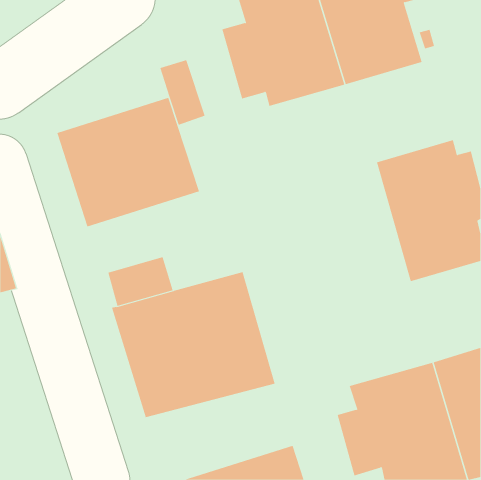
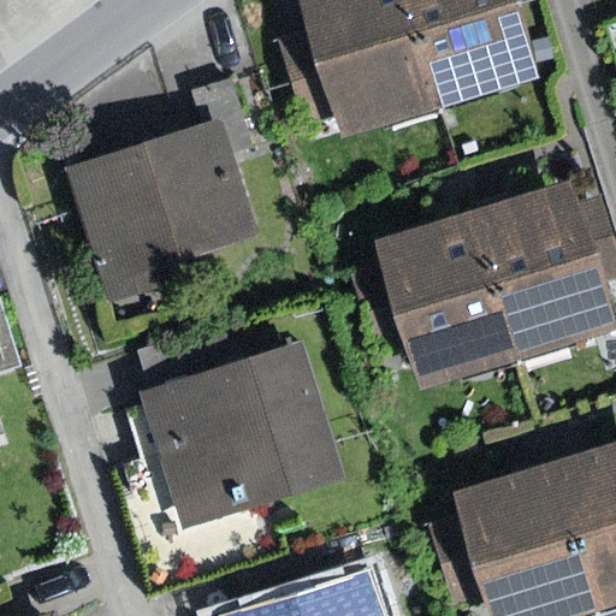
building: none -> [356,207,523,389]

